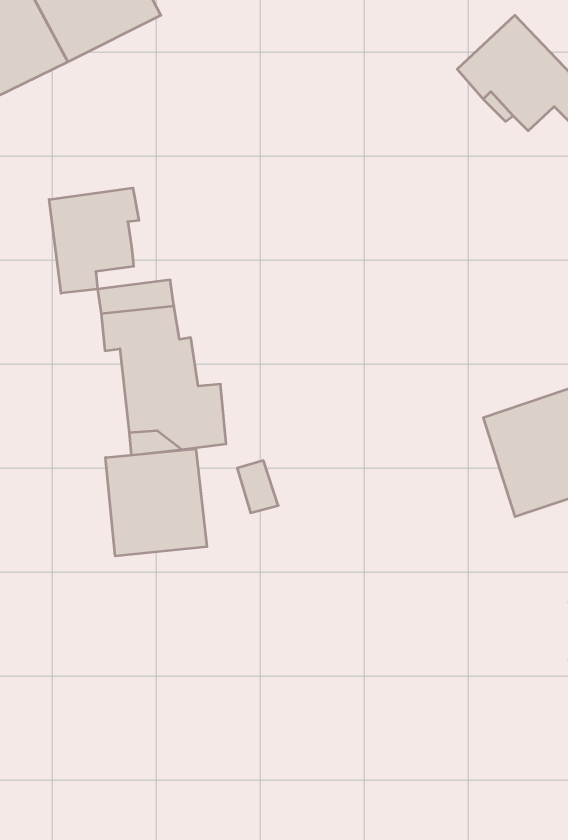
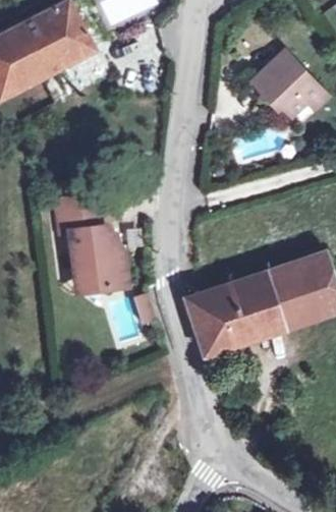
building: [49,188,139,293] -> none
building: none -> [187,273,285,353]
building: [106,449,207,556] -> none

